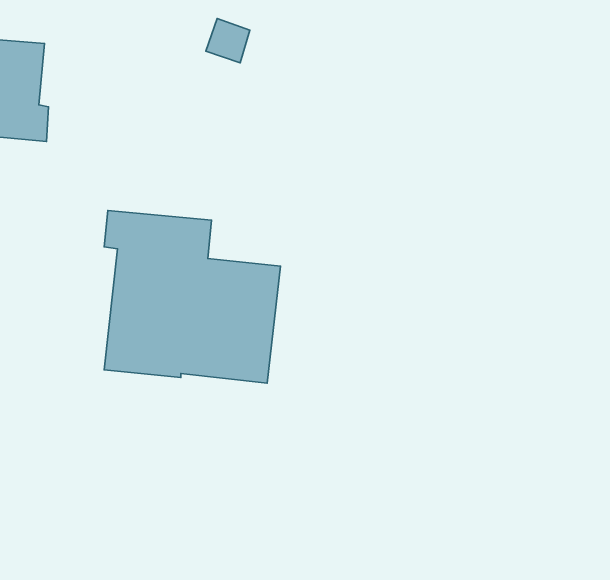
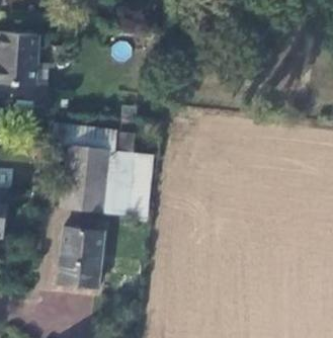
building: none -> [57,229,100,287]

